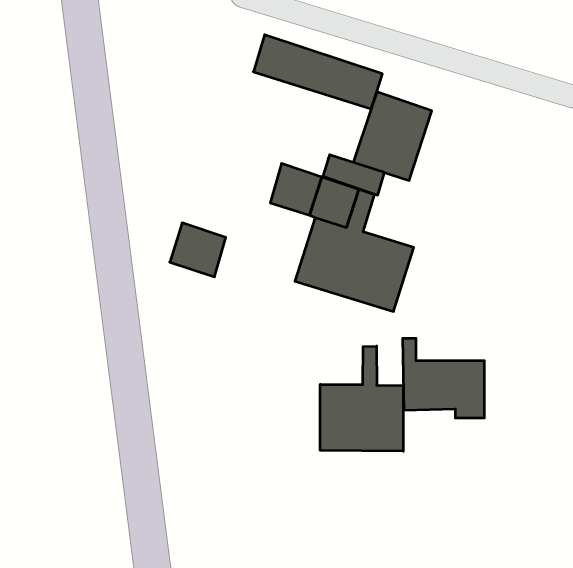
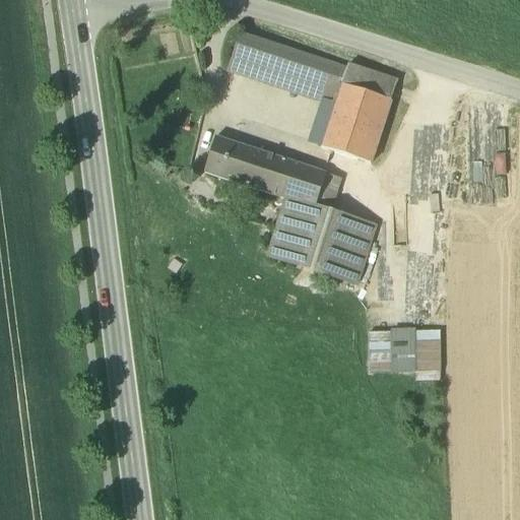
building: [323,155,384,195] -> [341,64,397,101]
building: [170,223,226,277] -> [204,135,255,184]
building: [320,346,403,451] -> none

